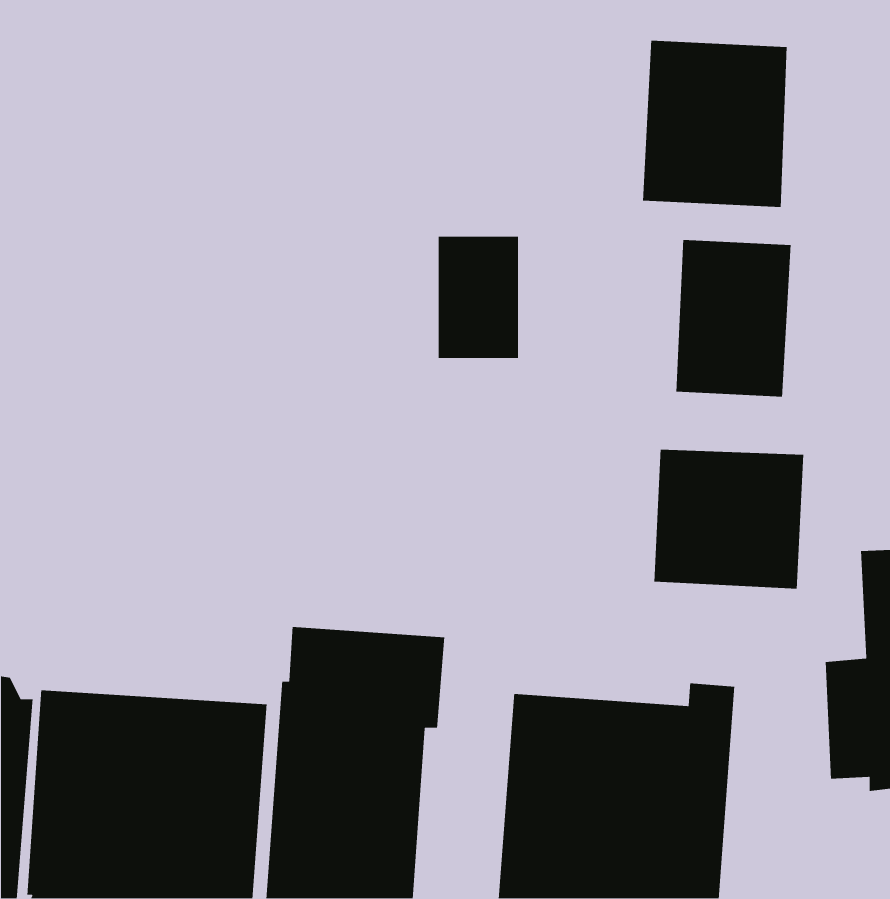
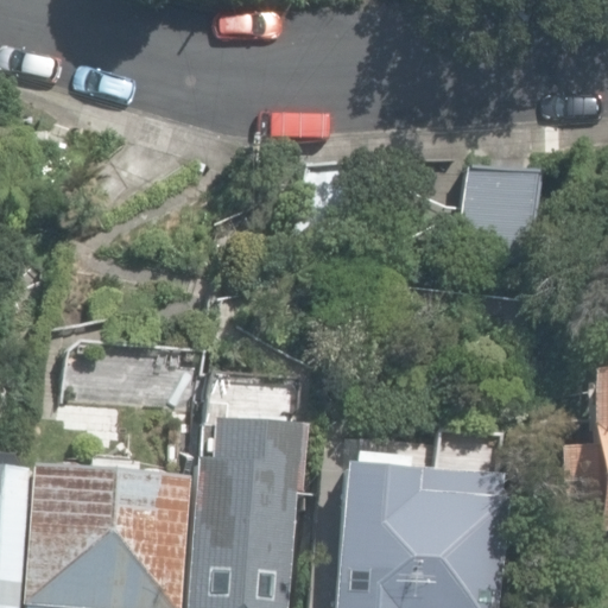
building: [642,40,788,208] -> none
building: [653,449,804,590] -> none

